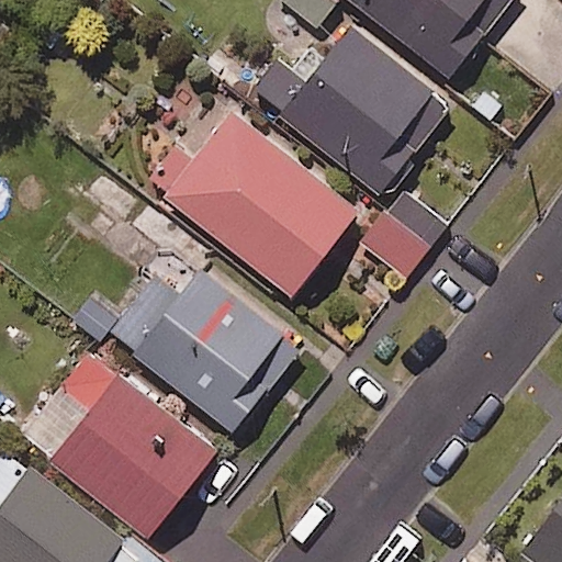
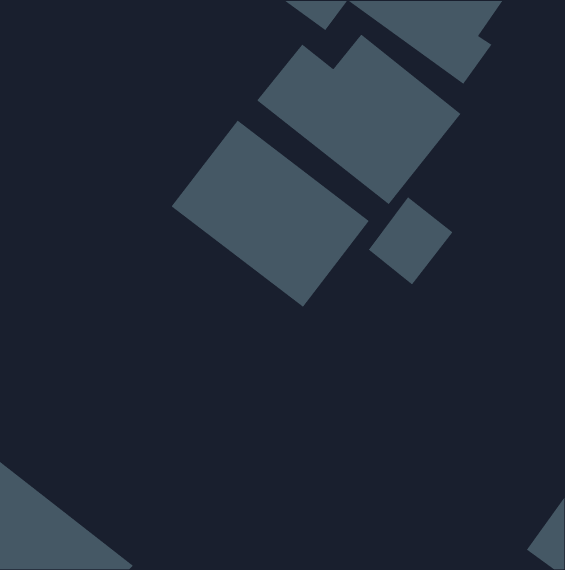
building: [72,256,295,419] -> none
building: [21,348,214,532] -> none

